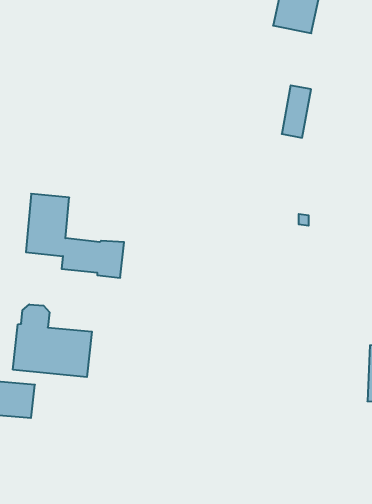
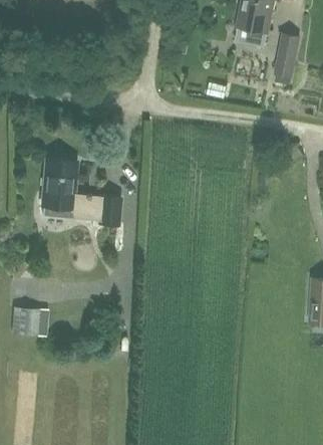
building: [282,85,311,138] -> [276,34,299,75]
building: [13,304,92,377] -> none

